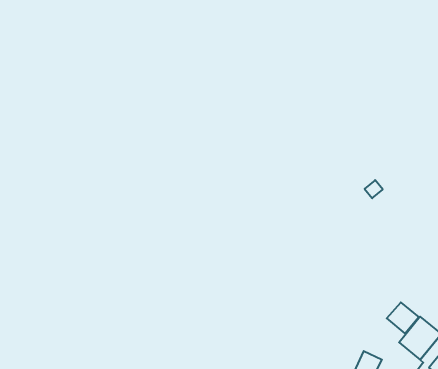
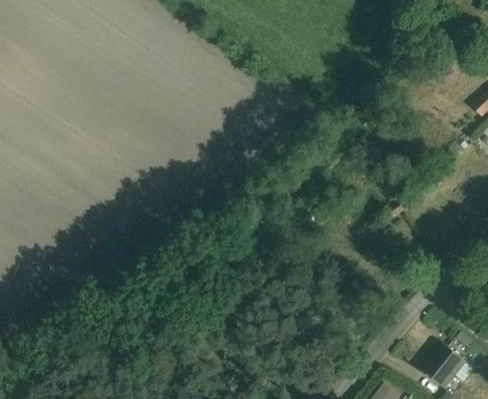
building: [387,302,419,334] -> none

